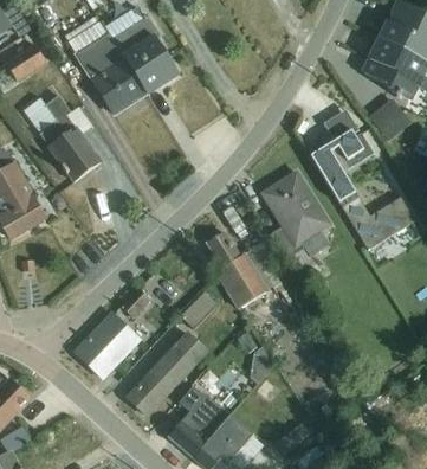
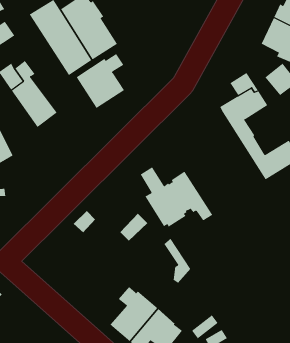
building: none -> [76,53,125,109]
building: [261,171,330,282] -> none
building: [76,314,138,377] -> none
building: [127,332,207,415] -> none

